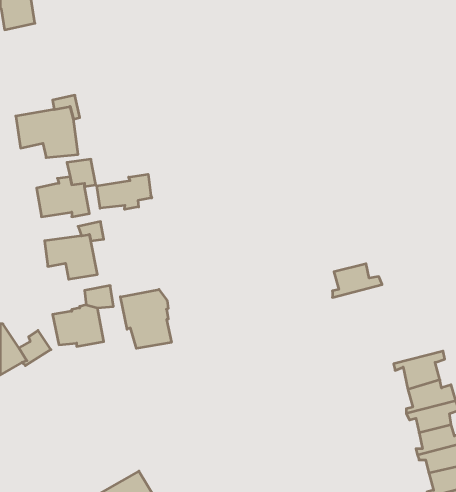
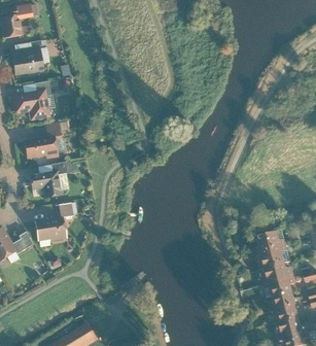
building: none -> [11,44,45,75]
building: [97,174,152,209] -> none
building: [332,264,382,297] -> [254,232,286,253]
building: [120,289,171,348] -> none

